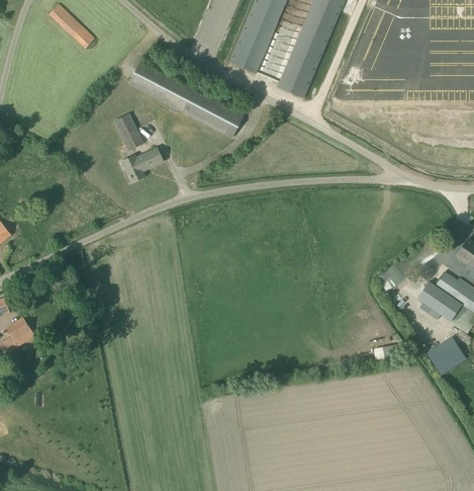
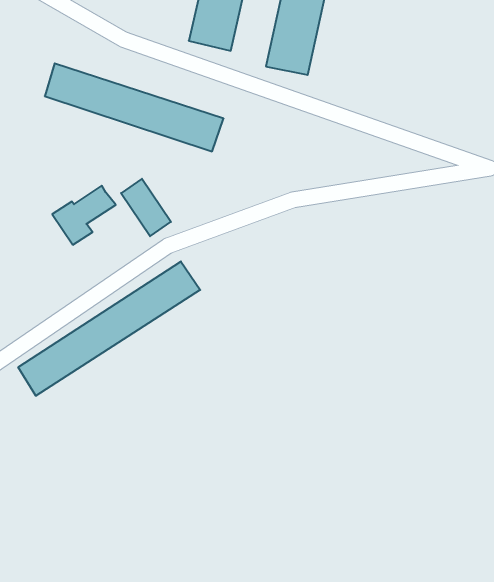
building: [114,112,144,151] -> [121,179,171,236]
building: none -> [18,261,200,396]

